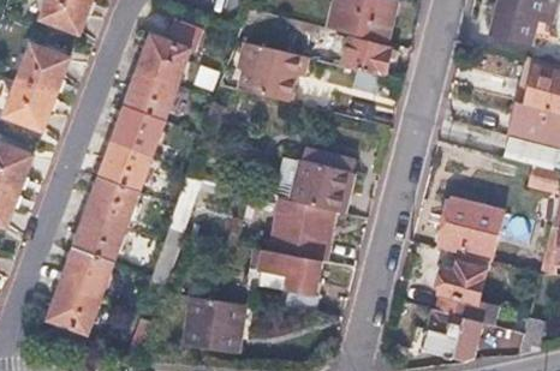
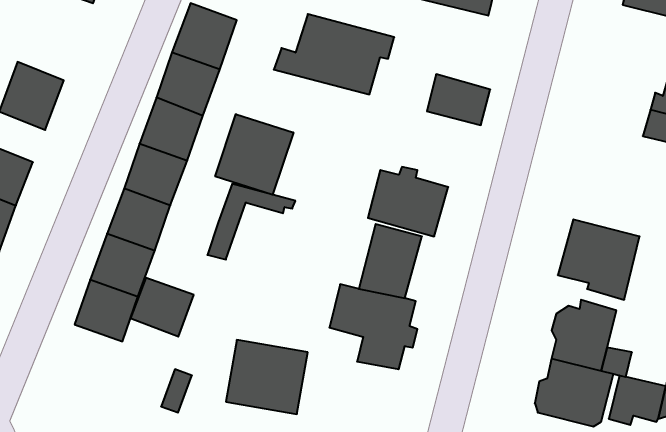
building: [341,37,391,77] -> [427,74,490,125]
building: [19,46,68,92] -> none
building: none -> [215,114,293,195]
building: [52,282,101,328] -> [131,278,194,337]

